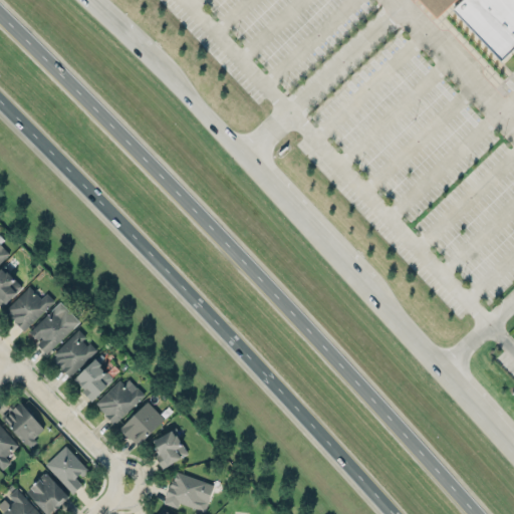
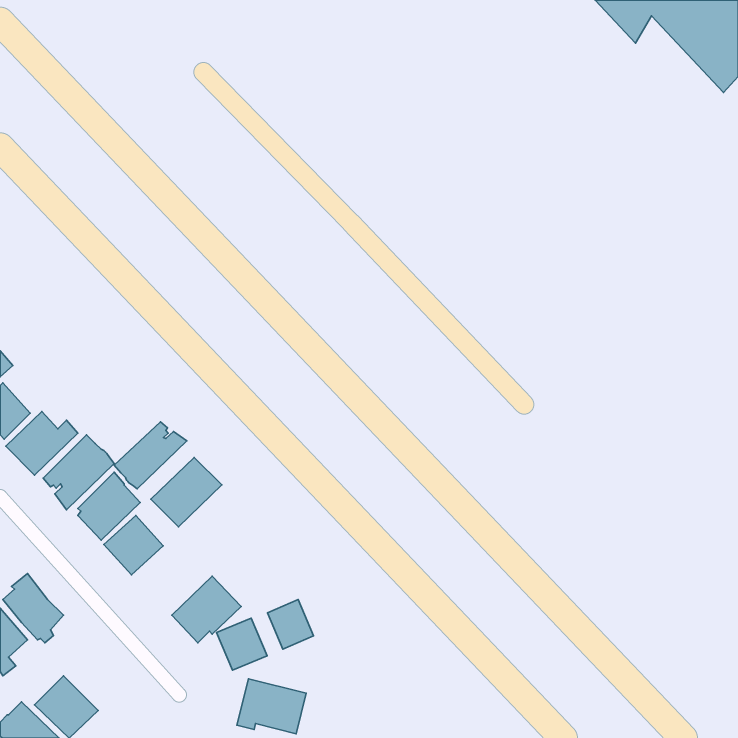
building: none -> [114,422,187,489]
building: [95,375,145,424] -> [151,457,222,527]
building: none -> [267,600,314,649]
building: [45,445,87,493] -> none

